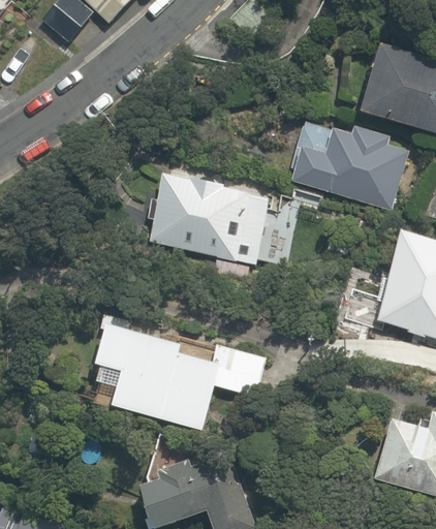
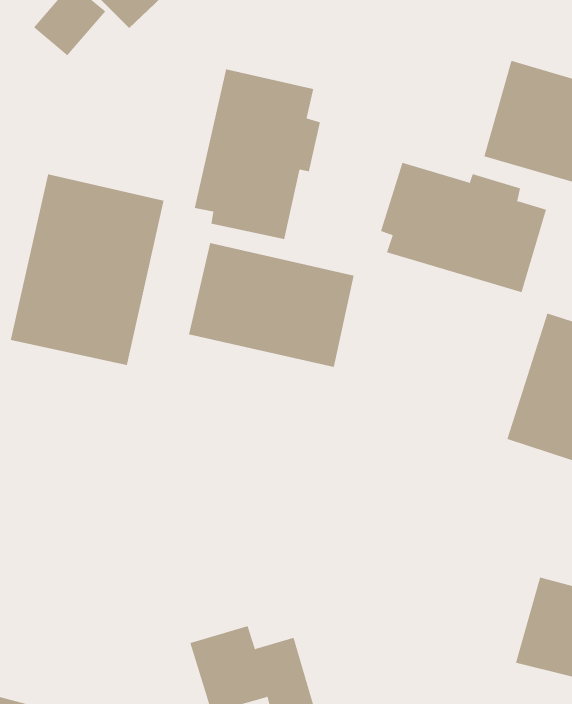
building: none -> [194,68,321,240]
building: none -> [10,173,164,366]
building: [91,315,266,429] -> none

